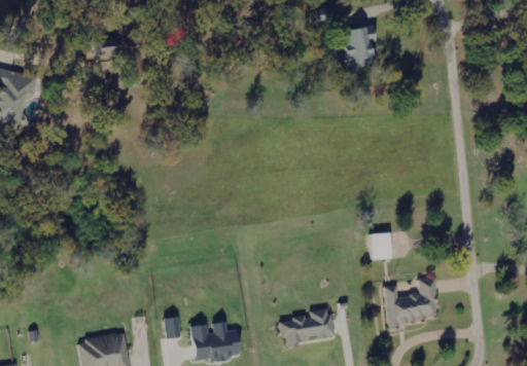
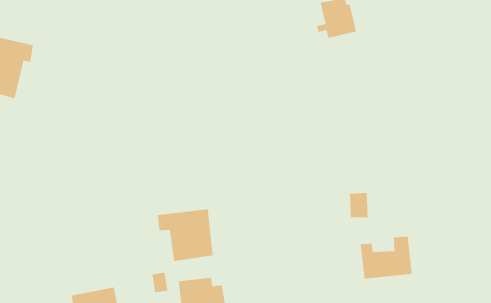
building: none -> [157,209,213,262]
building: [278,308,332,343] -> none

